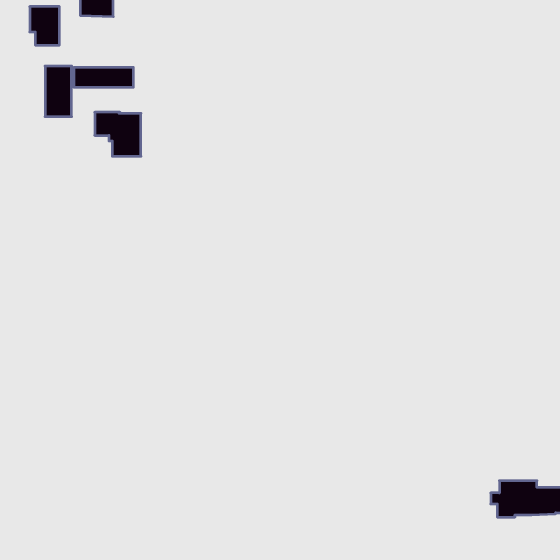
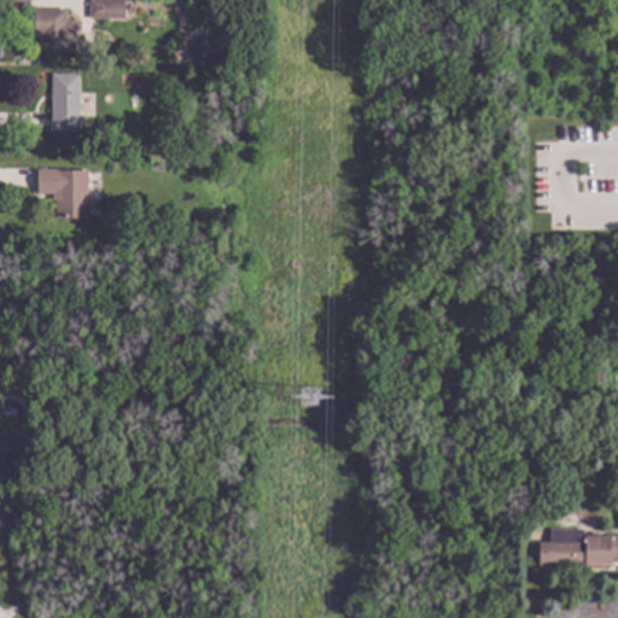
building: [74,67,133,87] -> none
building: [95,112,141,156] -> [37,168,88,216]

